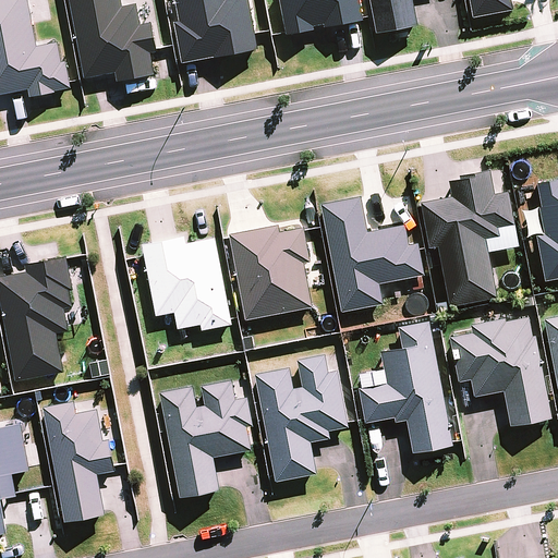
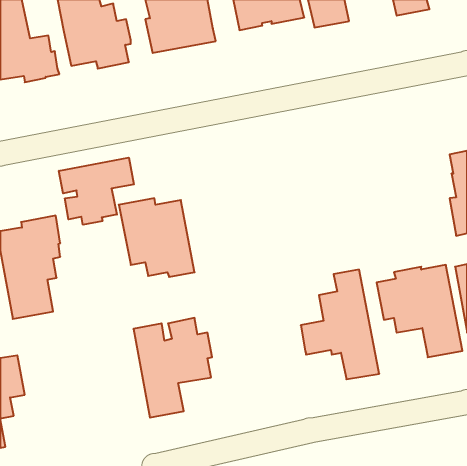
building: [421,170,513,306] -> none
building: none -> [59,158,134,225]
building: [320,197,424,313] -> none
building: [229,226,312,320] -> none
building: [254,354,348,482] -> none
building: [43,400,114,523] -> none

